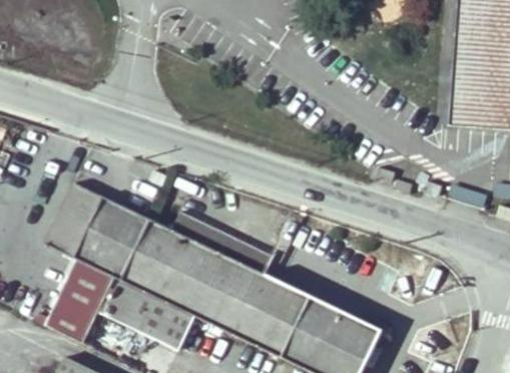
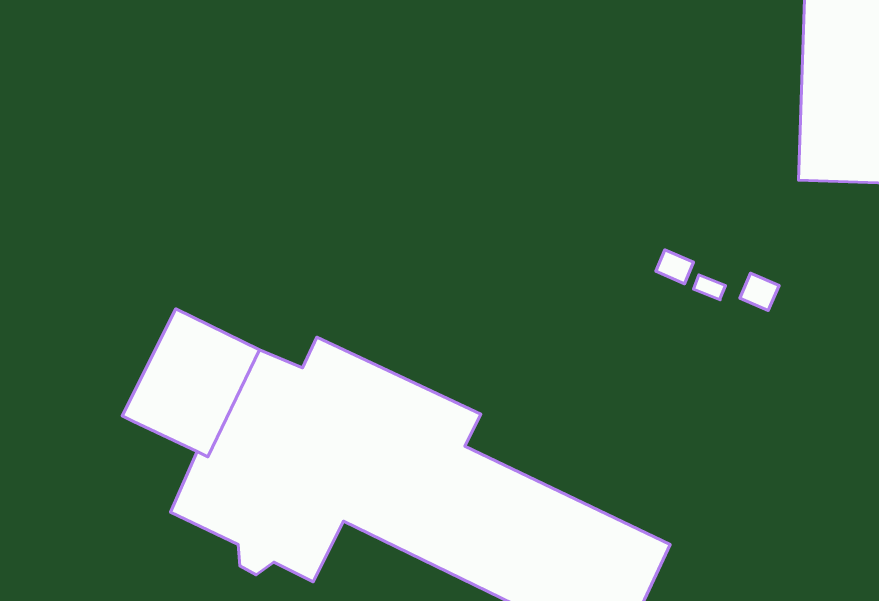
building: [46,183,103,257] -> none
building: [47,260,115,343] -> none

